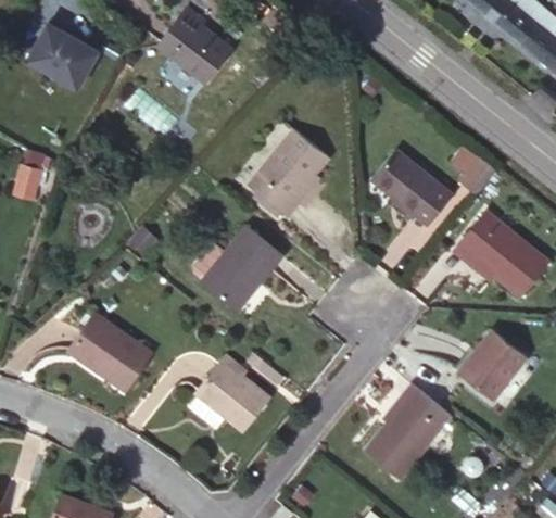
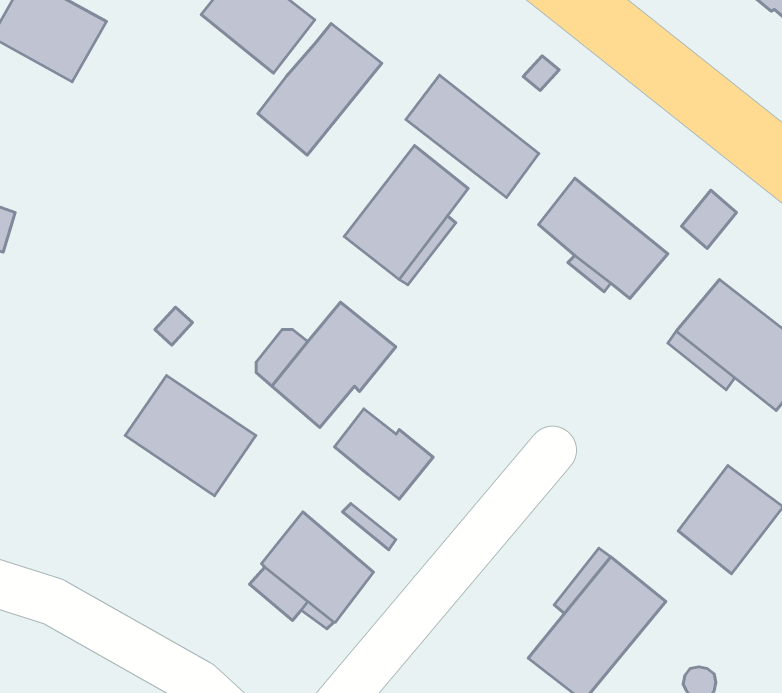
building: none -> [258,24,382,155]
building: none -> [406,75,539,198]
building: none -> [334,409,433,499]
building: [68,314,151,390] -> [125,375,256,496]

